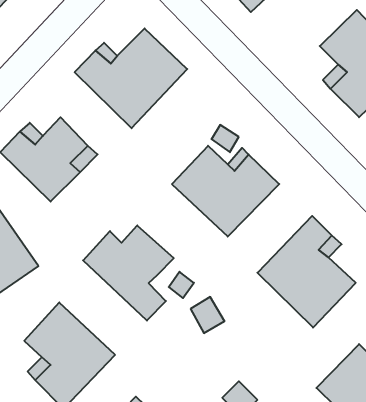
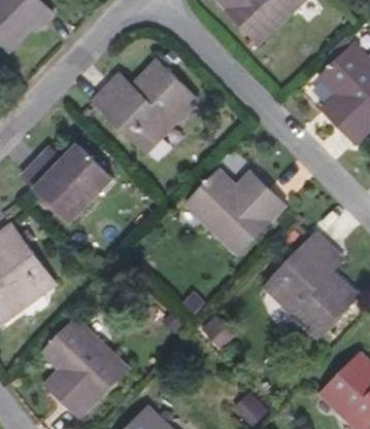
building: [83,225,174,321] -> none

